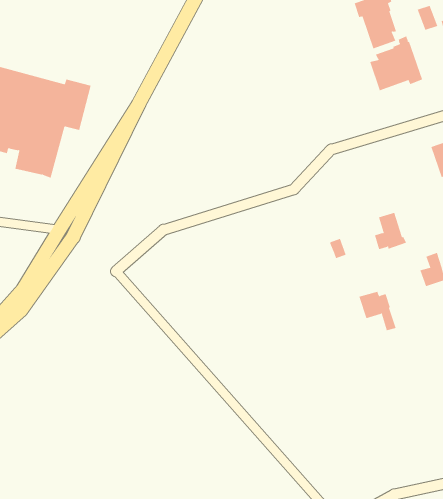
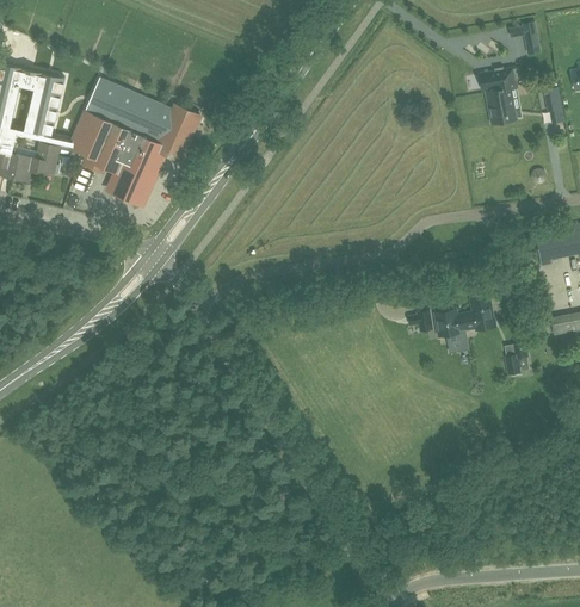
building: [370,35,423,91] -> none
building: [359,291,396,331] -> [434,310,468,352]

